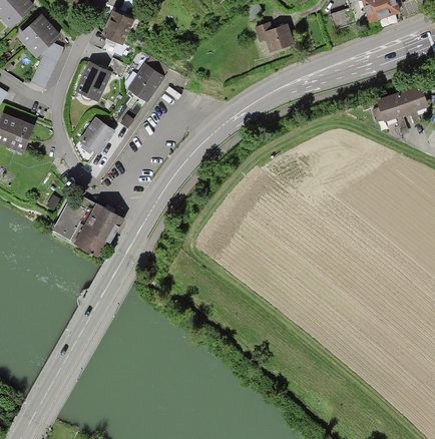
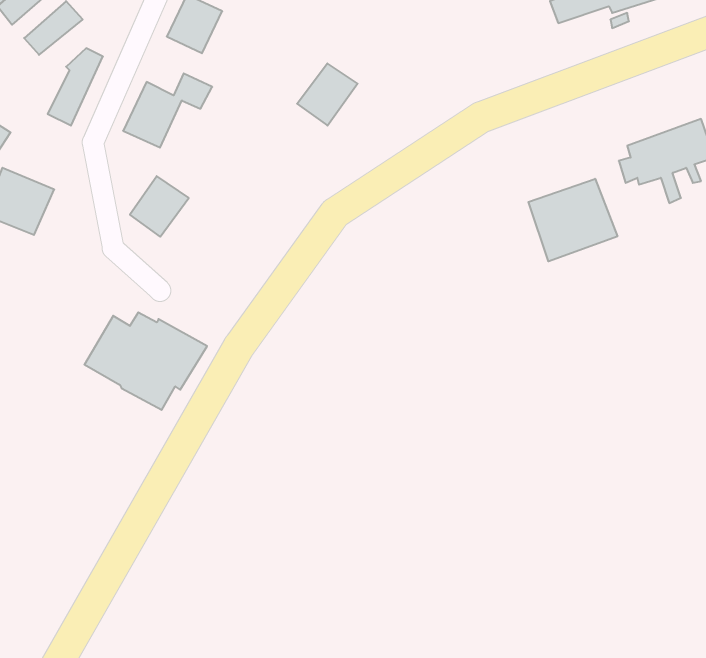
building: [255,21,294,52] -> none
building: [25,25,60,58] -> none
building: [127,64,163,101] -> [297,63,358,126]
building: none -> [528,179,617,261]

